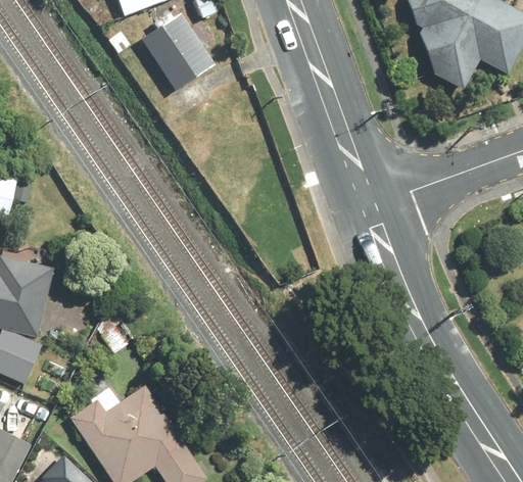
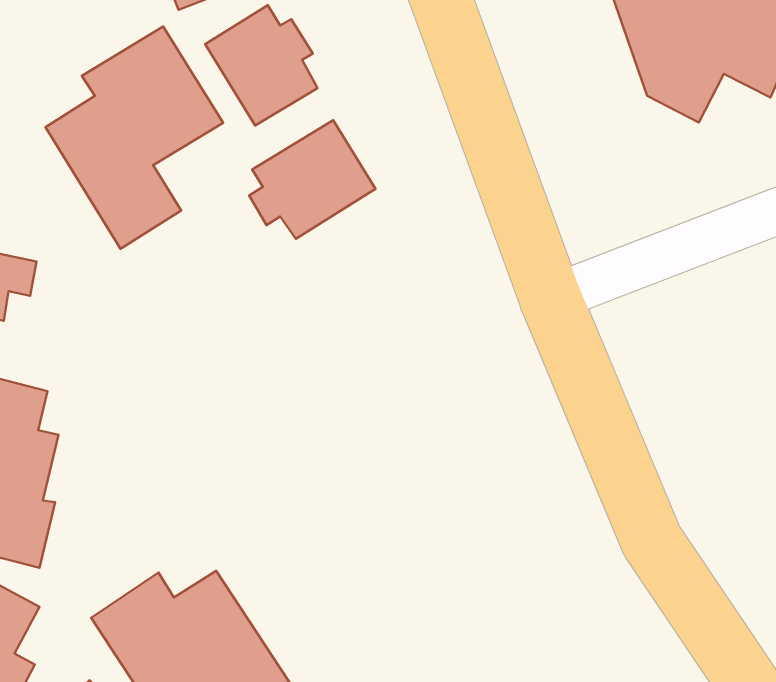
building: none -> [46,27,223,249]
building: none -> [249,120,376,239]

